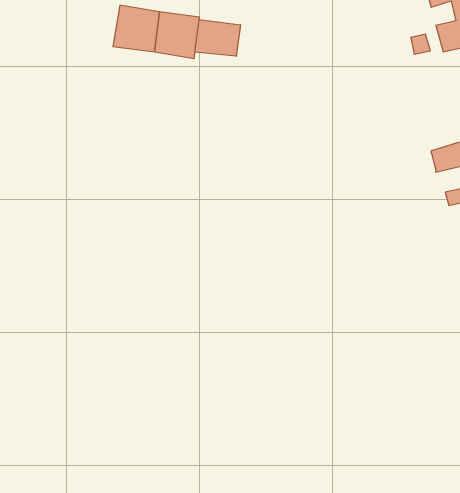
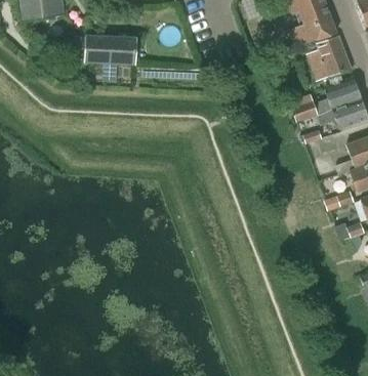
building: [195,19,240,56] -> none

